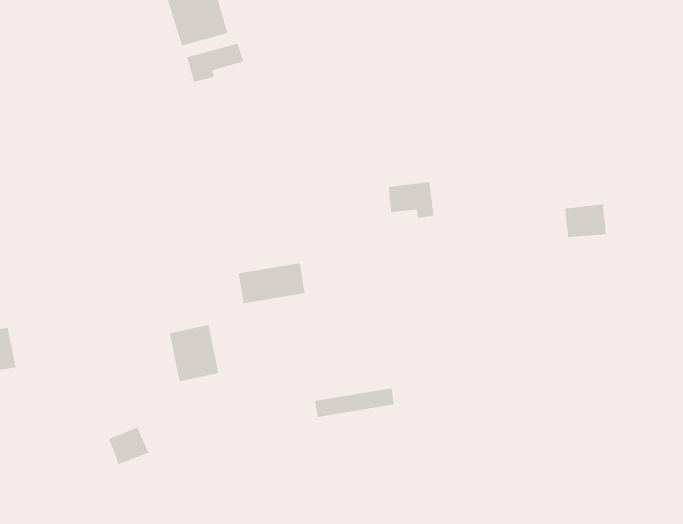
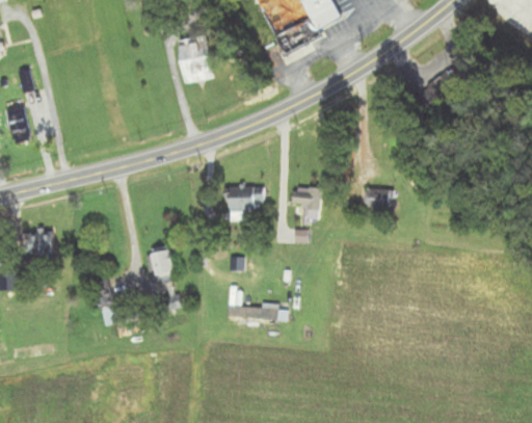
building: [186,43,244,83] -> none
building: [564,204,607,238] -> [366,187,391,207]
building: [238,263,306,304] -> [224,186,263,205]

